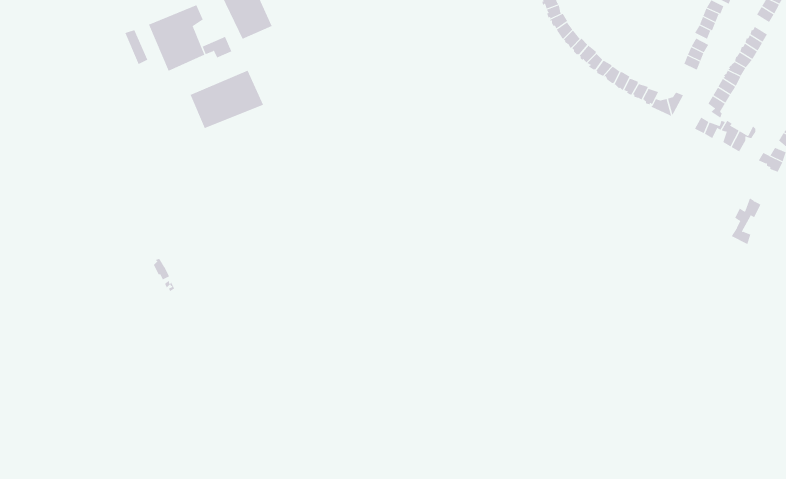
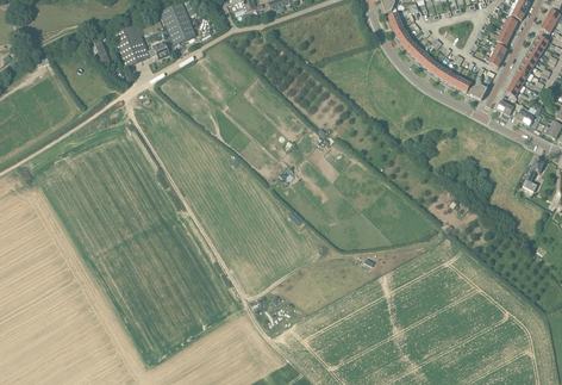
building: [190,70,264,129] -> none

